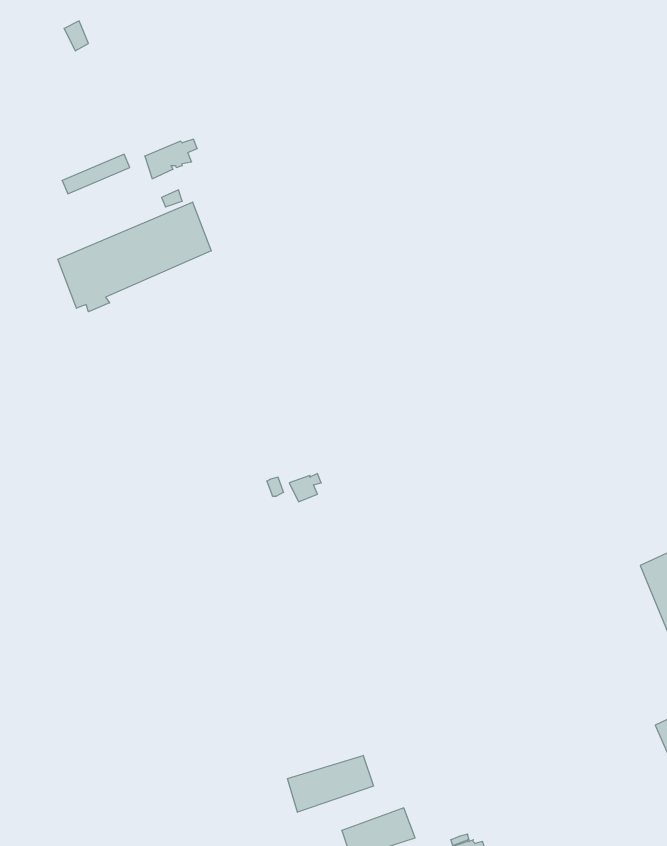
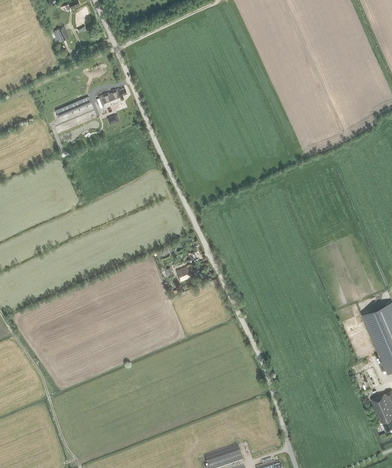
building: [58,202,211,312] -> none
building: [288,755,374,812] -> none

